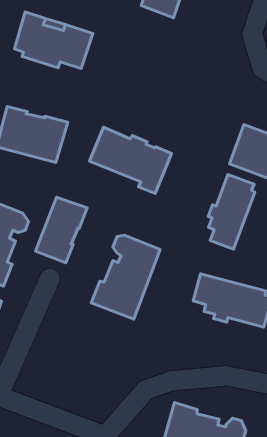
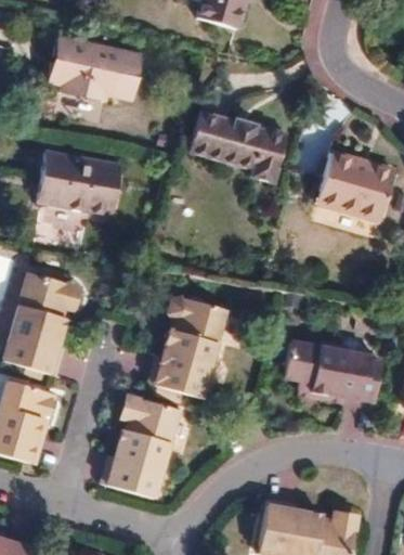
building: [89,127,171,193] -> [187,112,286,188]
building: [208,175,255,249] -> none
building: [36,197,87,263] -> none
building: none -> [114,400,192,500]

